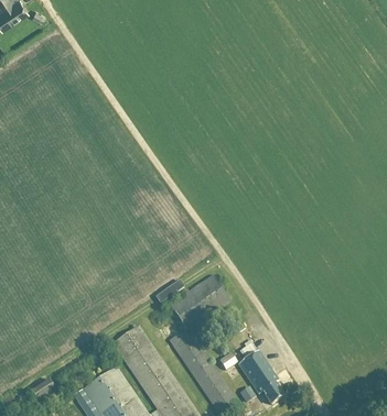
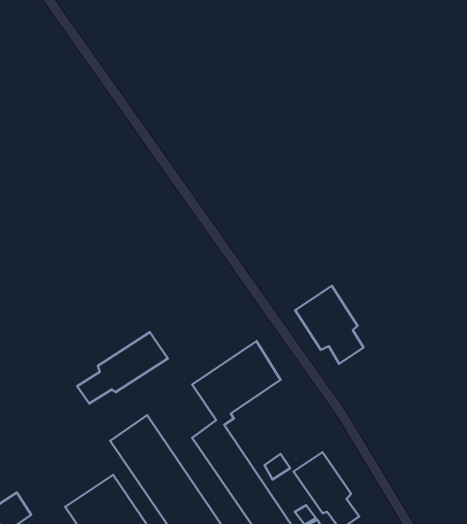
building: none -> [295,286,363,364]
building: none -> [77,332,168,404]

